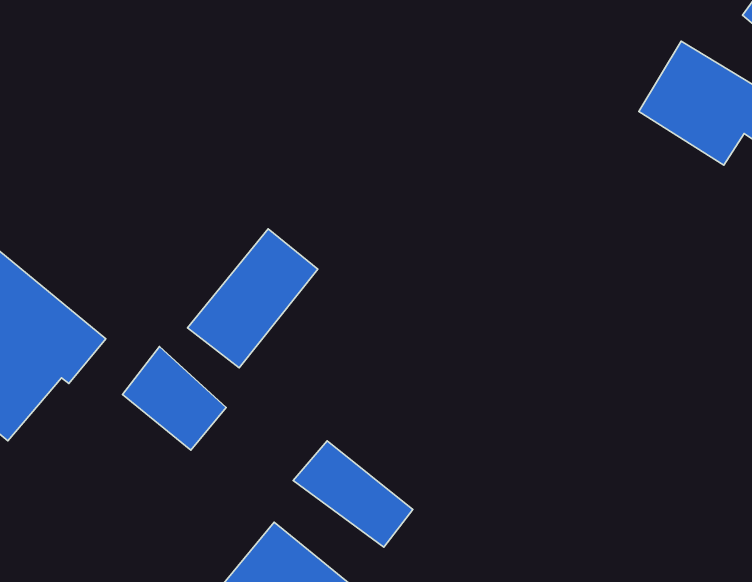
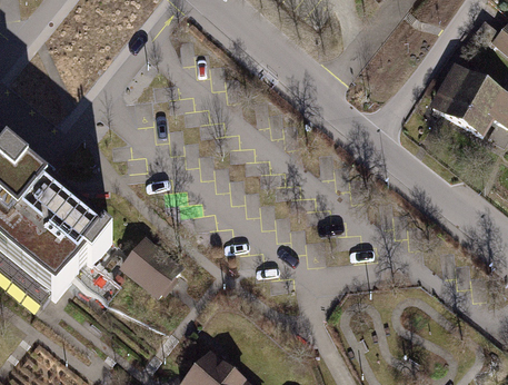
building: [187,229,318,368] -> none
building: [293,441,413,547] -> none

